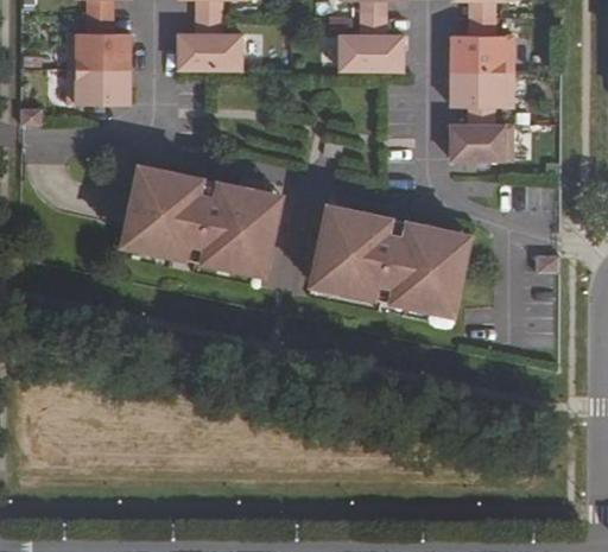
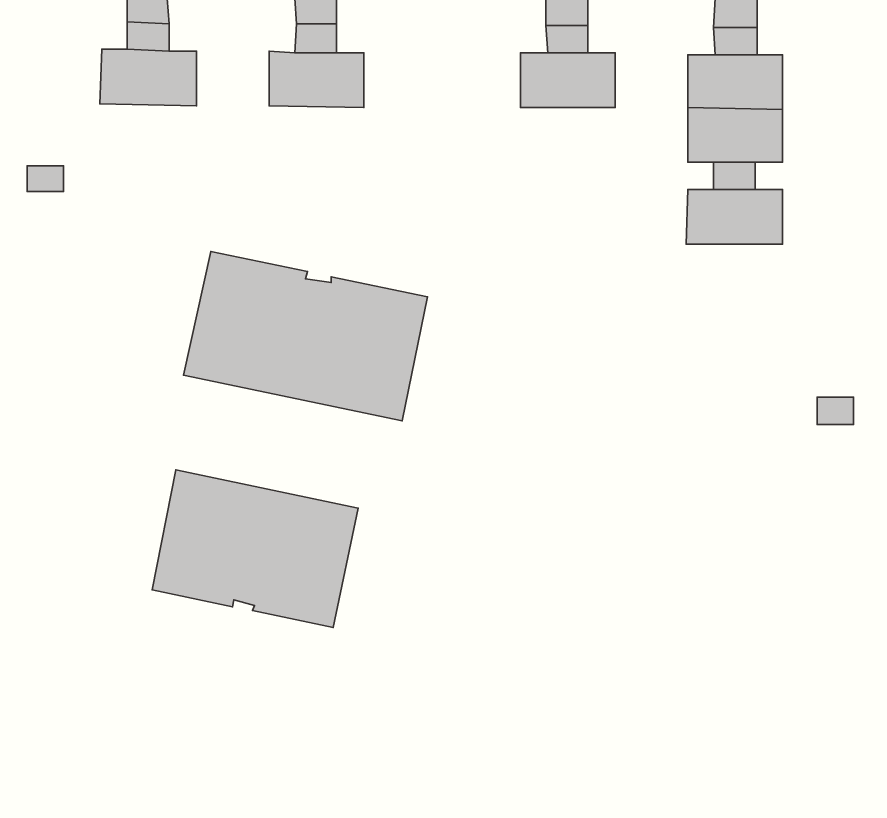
building: [66,69,129,106] -> none
building: [310,204,469,315] -> none
building: none -> [152,470,358,627]

